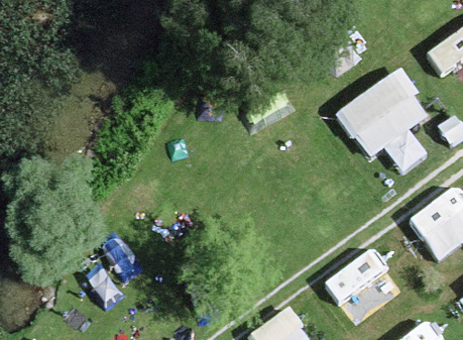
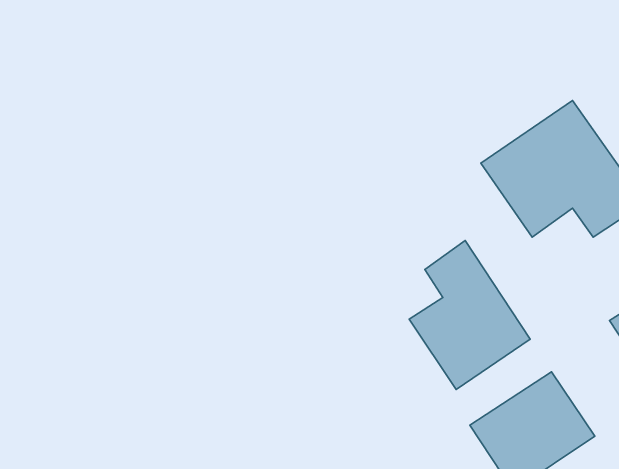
building: none -> [409,241,530,390]

